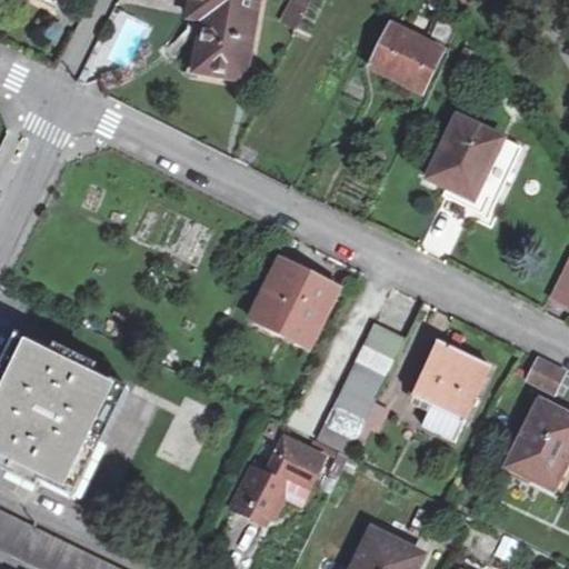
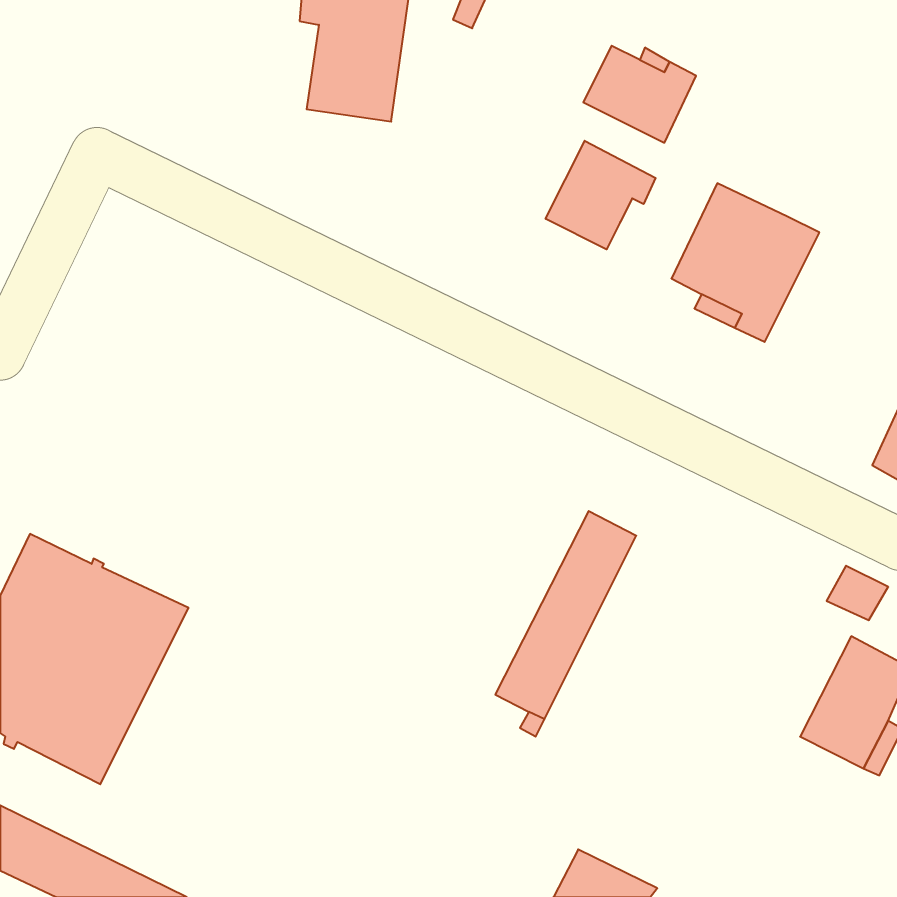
building: none -> [546,141,656,249]
building: [253,263,335,347] -> none
building: [410,343,485,438] -> none
building: [224,435,323,521] -> none

